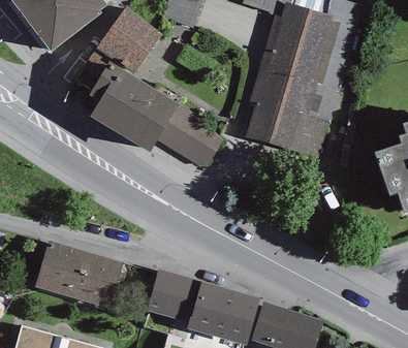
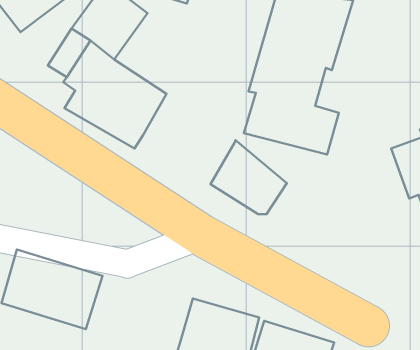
building: [157,102,223,166] -> [211,140,287,214]
building: [147,268,200,321] -> none

